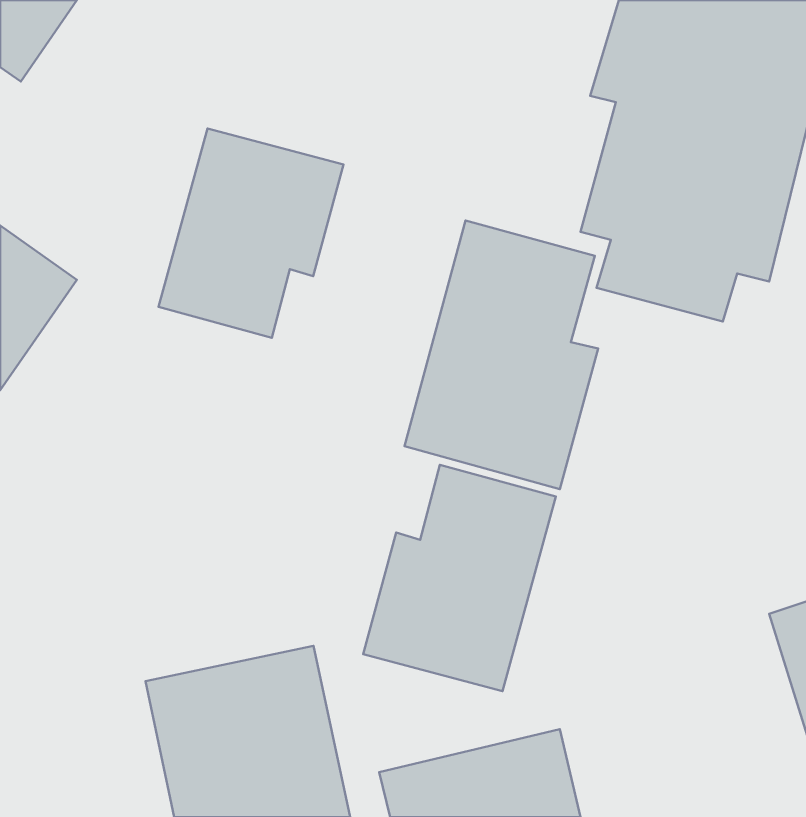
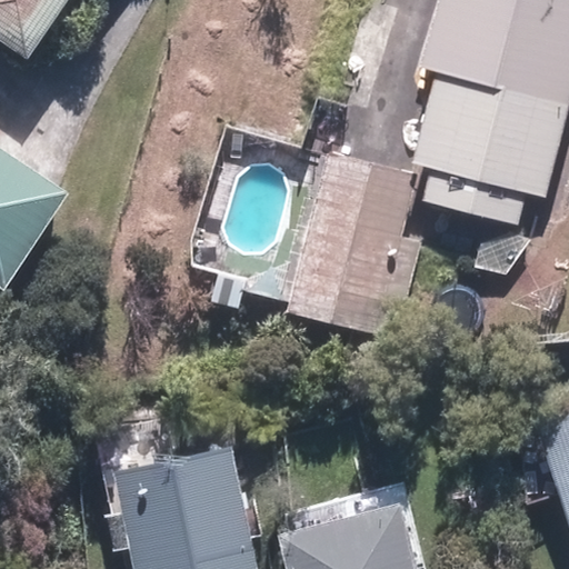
building: [158,128,343,338] -> none
building: [363,465,556,691] -> none

